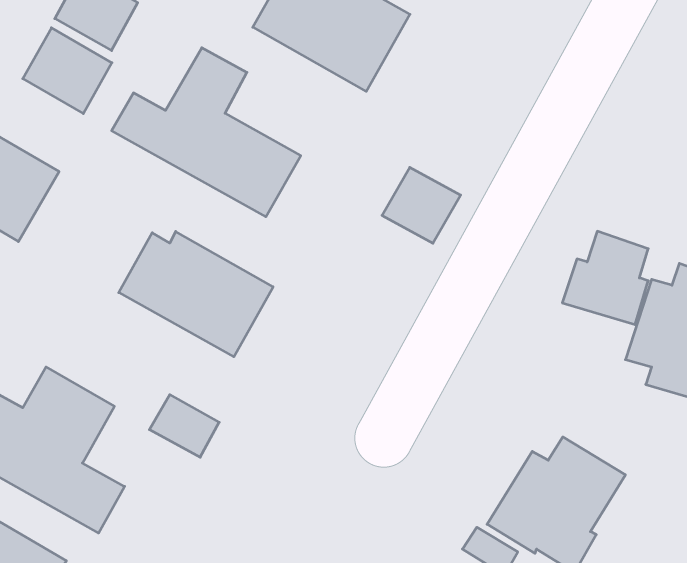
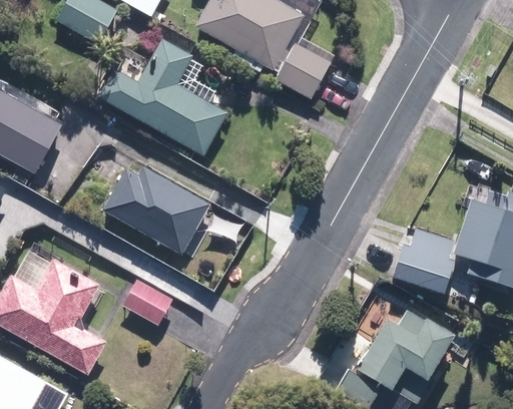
building: [23,28,112,114] -> none
building: [382,167,461,243] -> [276,44,330,96]
building: [562,231,648,325] -> [393,227,452,291]

